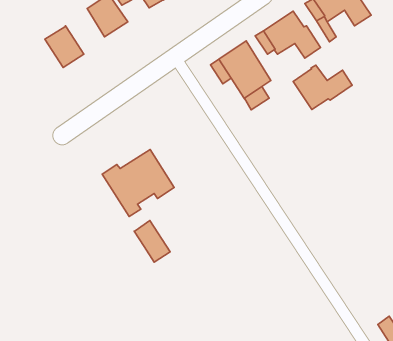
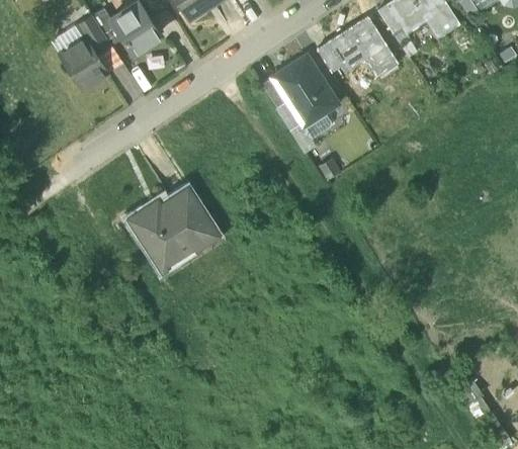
building: none -> [76,13,112,54]
building: [293,65,352,109] -> none
building: [134,221,170,262] -> none

